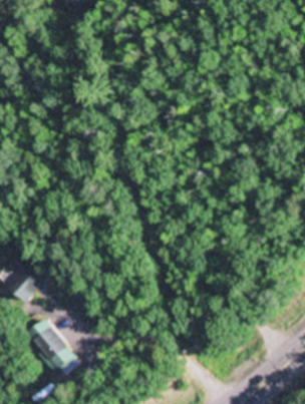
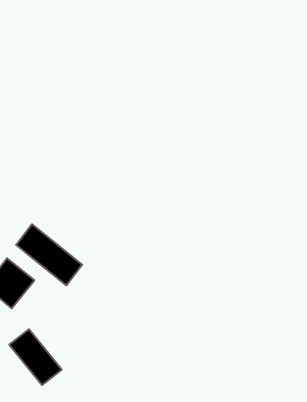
building: none -> [16,224,82,285]

